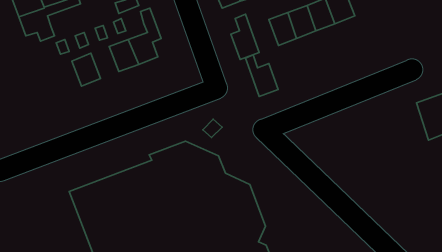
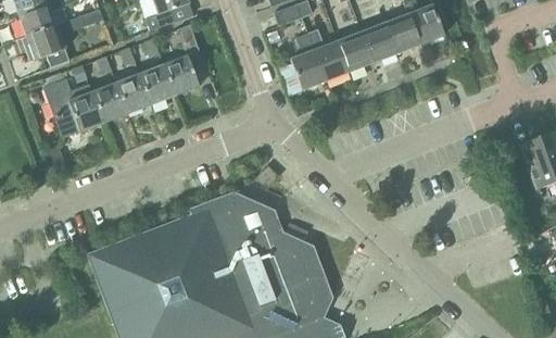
building: none -> [115,72,150,112]
building: none -> [42,78,103,137]
building: [245,55,278,96] -> [308,27,350,79]

